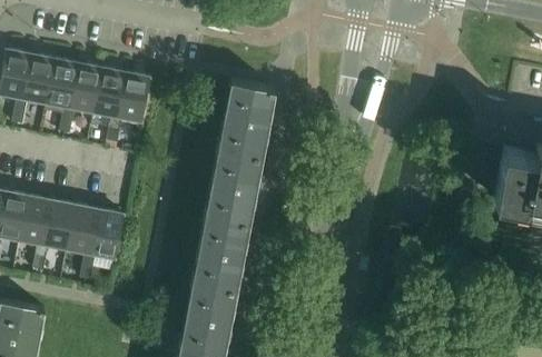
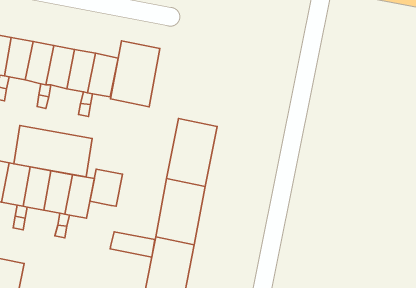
building: [219,81,275,156] -> [111,41,160,107]
building: none -> [14,125,92,177]
building: none -> [90,169,123,206]
building: none -> [110,232,155,257]

